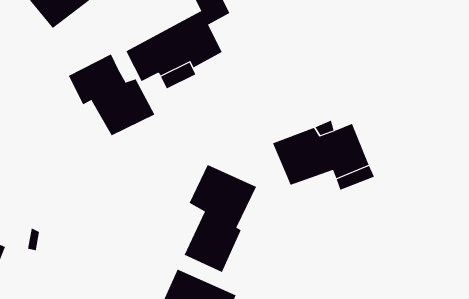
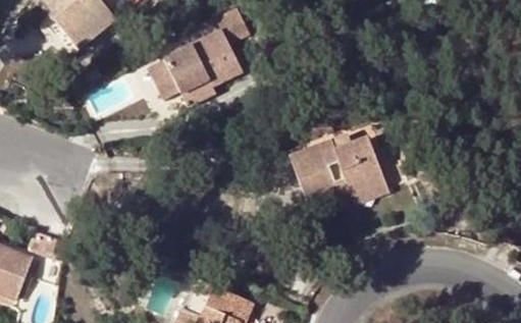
building: [68,54,155,136] -> none
building: [184,164,257,273] -> none

